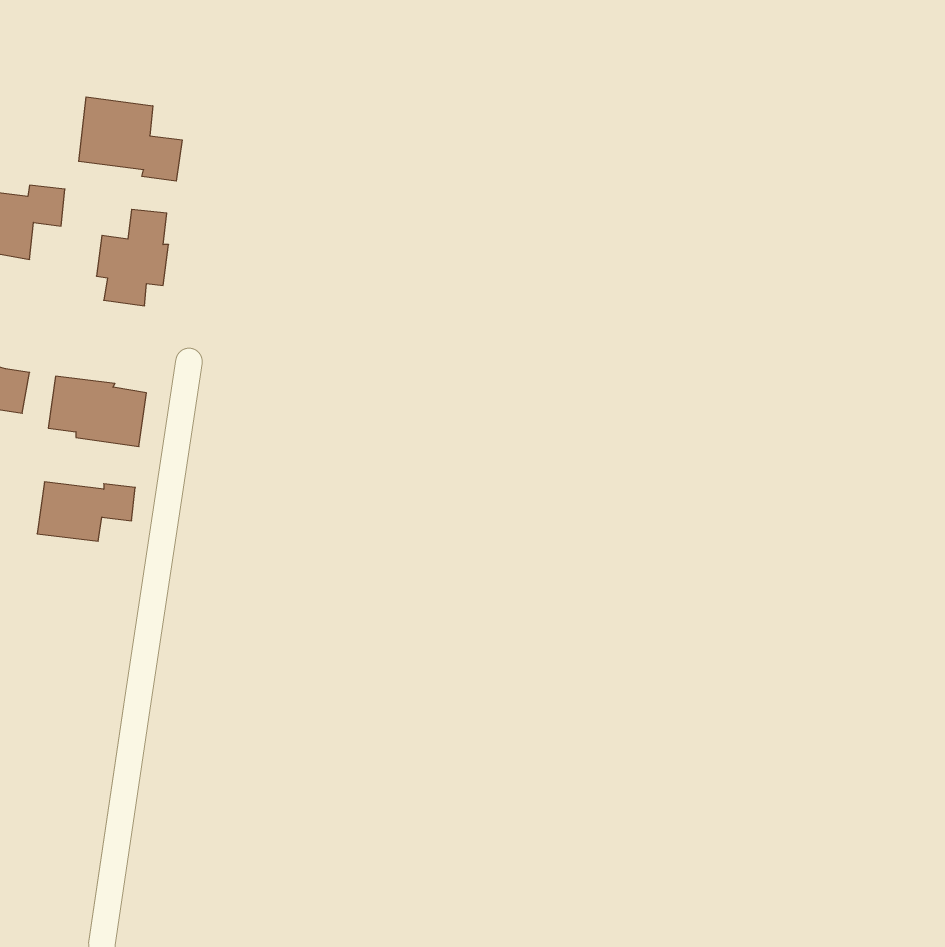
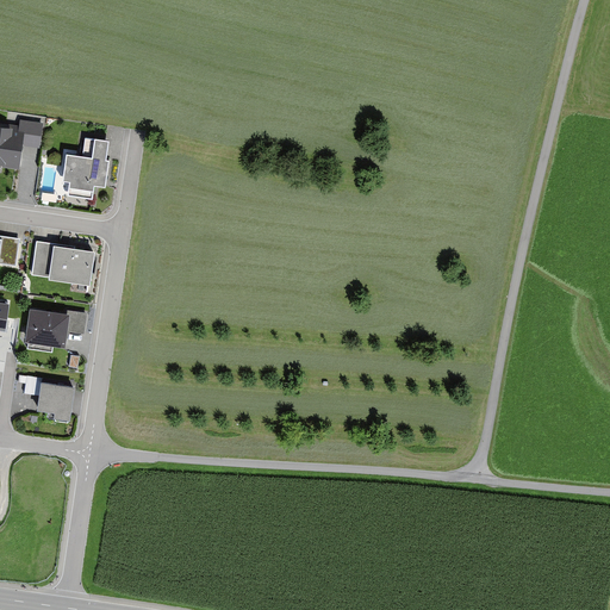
building: [79,97,182,181] -> none
building: none -> [37,384,74,422]

